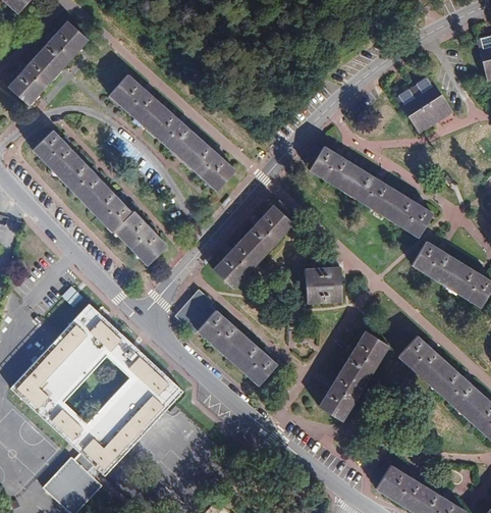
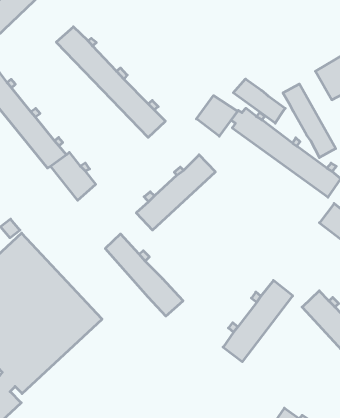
building: none -> [233,79,285,123]
building: none -> [283,84,336,158]
building: none -> [196,96,237,136]
building: [307,273,342,309] -> none

